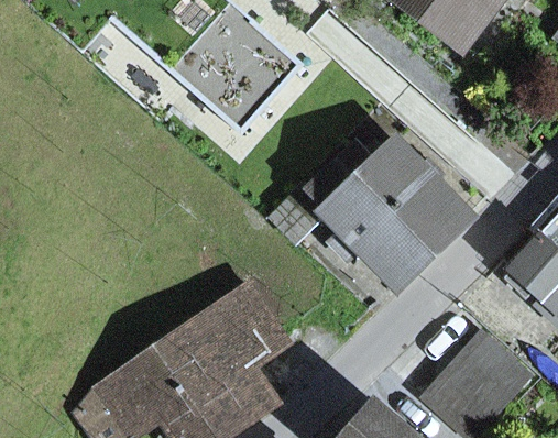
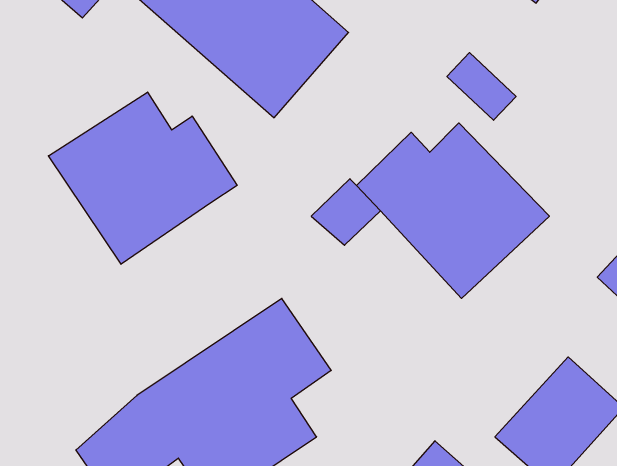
building: none -> [48,92,237,264]

